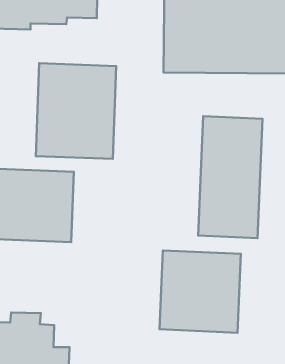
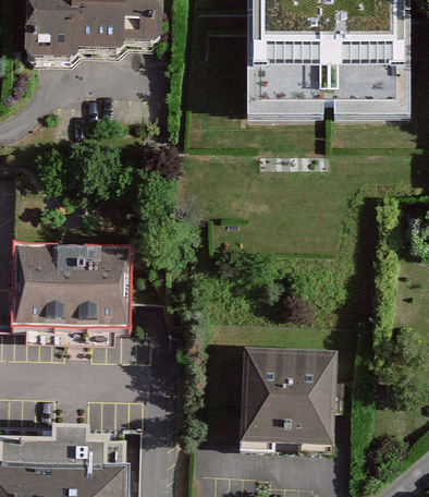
building: [36,63,116,159] -> none
building: [198,116,263,238] -> none

